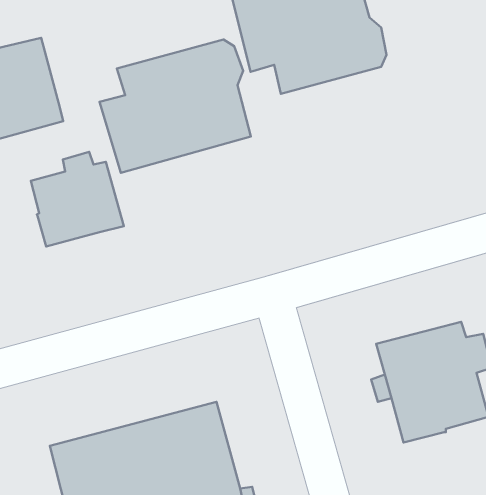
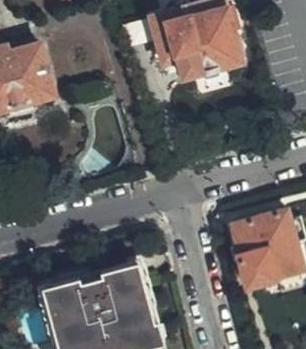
building: [100,39,251,173] -> none
building: [31,152,124,246] -> none

